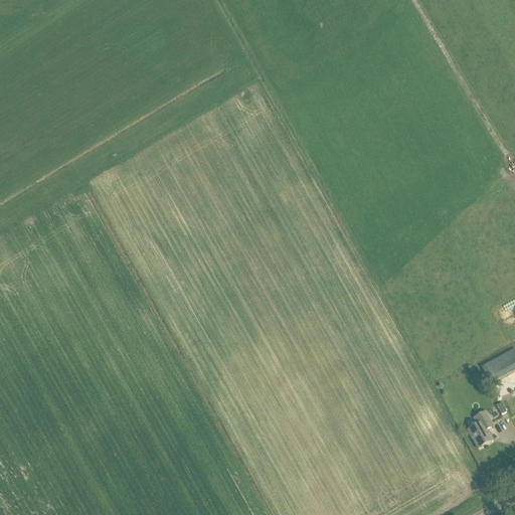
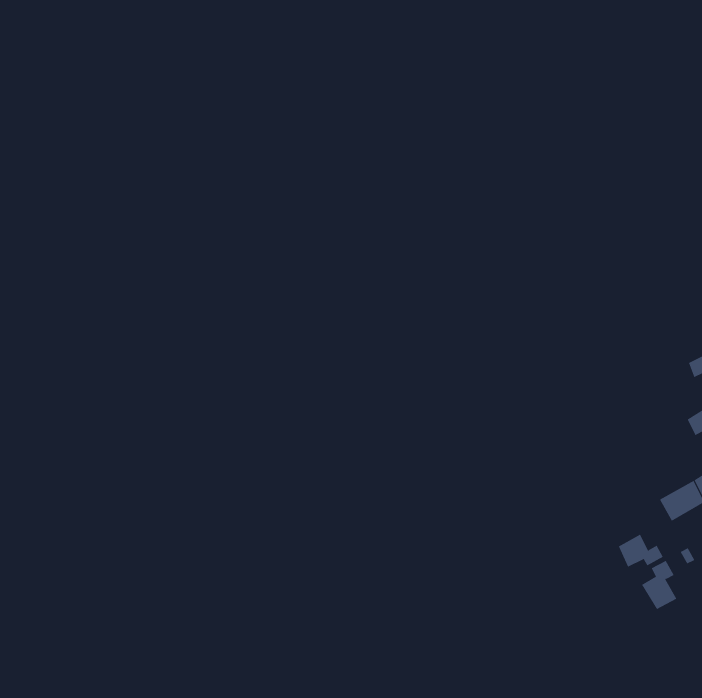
building: none -> [618,534,664,567]

